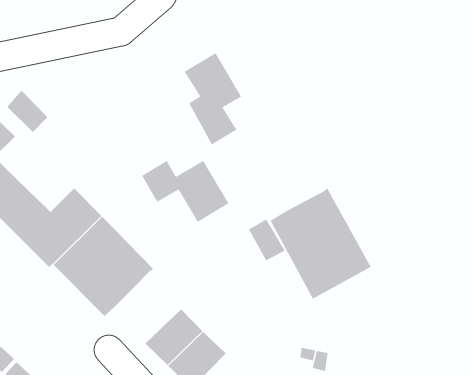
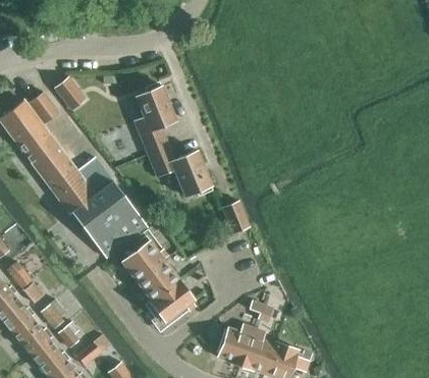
building: [184,52,242,146] -> [136,85,177,155]
building: [270,187,372,300] -> none
building: none -> [119,239,165,282]

